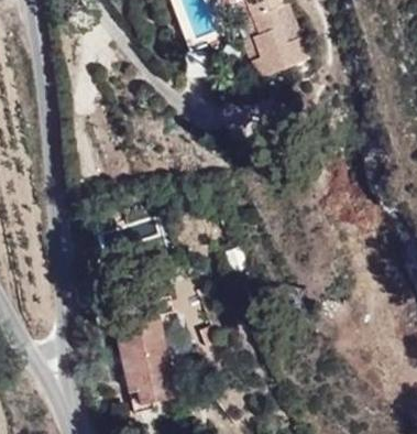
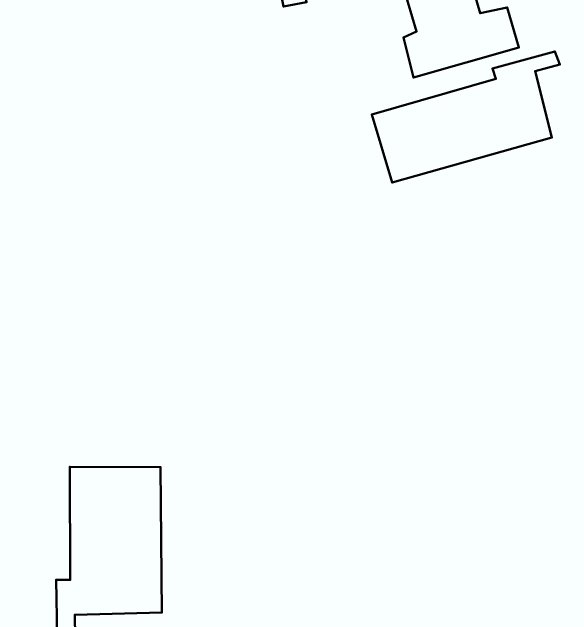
building: none -> [372,51,560,183]

